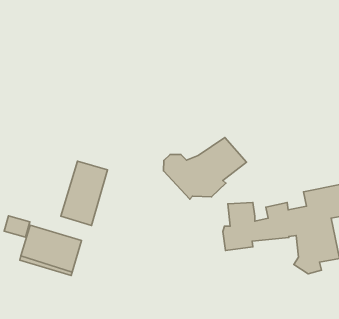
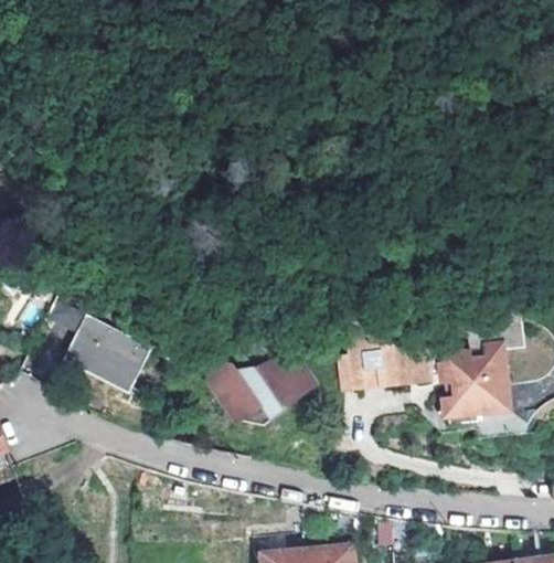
building: [164,138,246,199] -> [209,347,322,424]
building: [61,161,107,226] -> none

